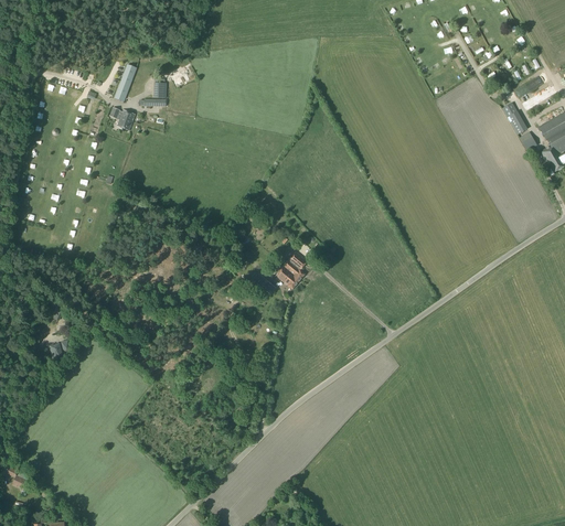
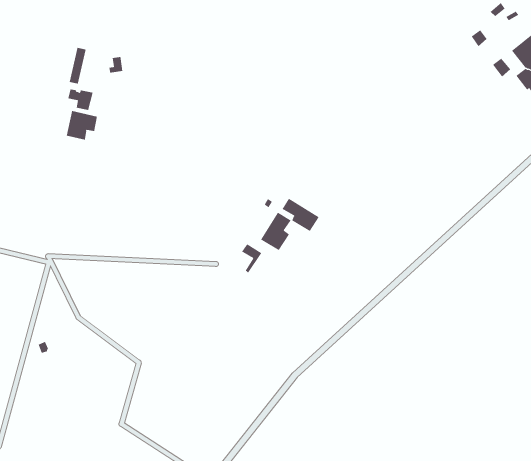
building: none -> [66,110,97,140]
building: none -> [282,198,319,232]

